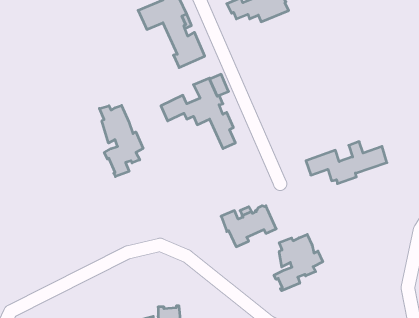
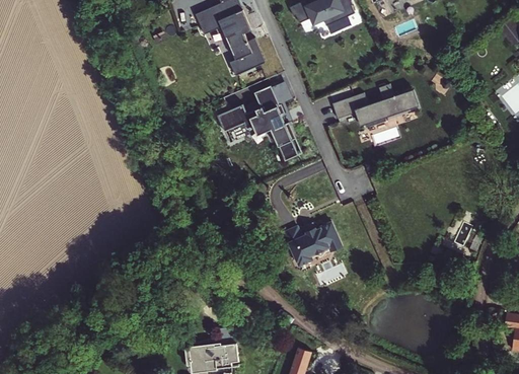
building: [99,105,143,177] -> none
building: [306,142,387,184] -> [333,83,420,128]
building: [274,234,323,291] -> none

